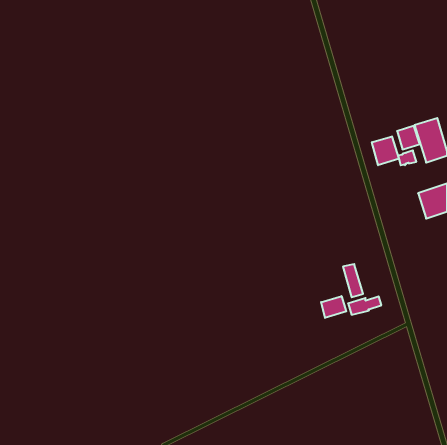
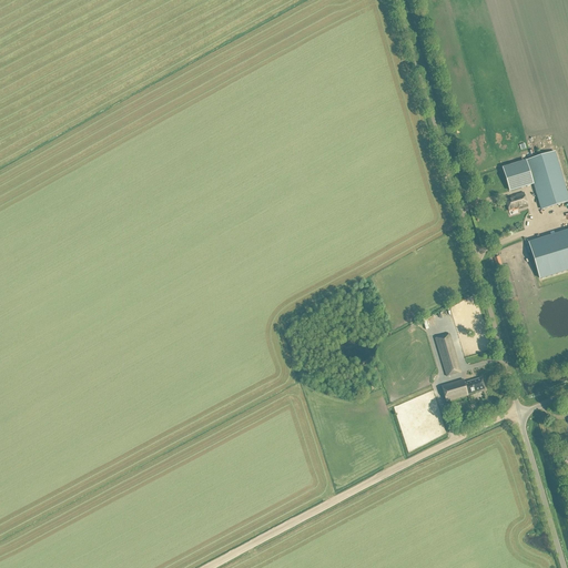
building: [372,136,399,165] -> none
building: [321,296,346,318] -> none

